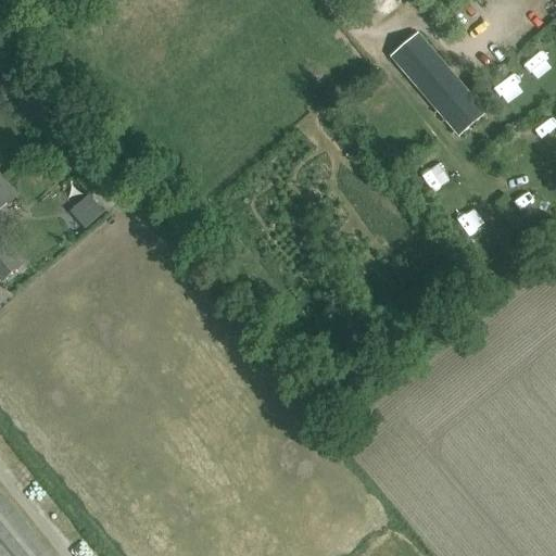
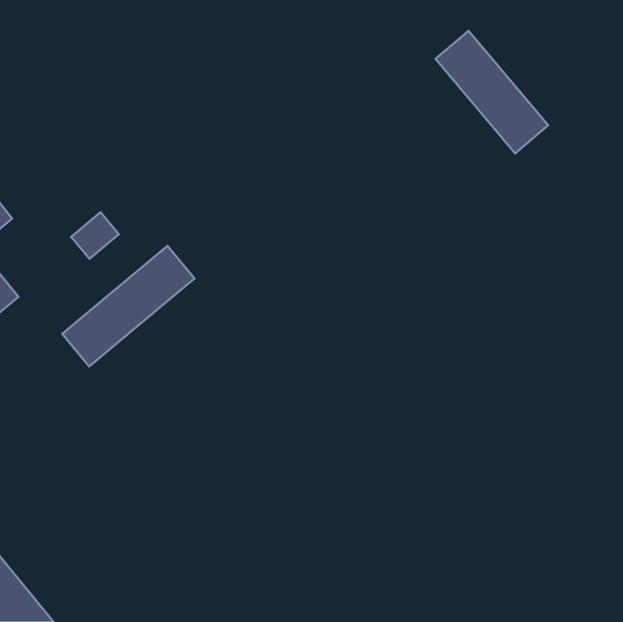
building: none -> [62,246,195,366]

